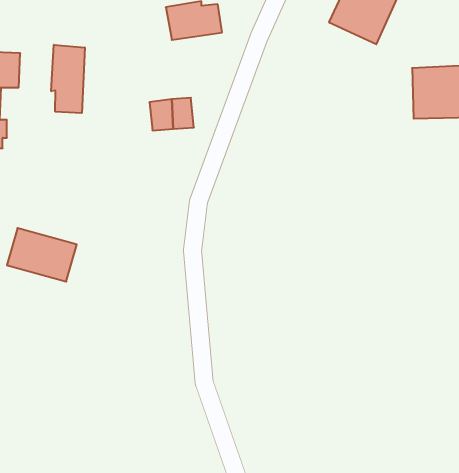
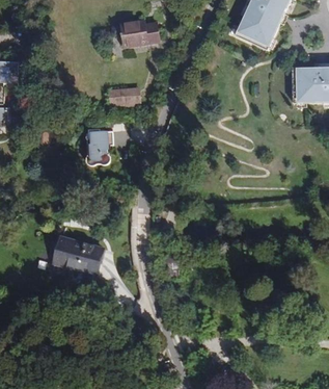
building: [51,45,85,113] -> none
building: none -> [86,128,114,165]
building: [7,228,77,282] -> [54,236,103,274]

